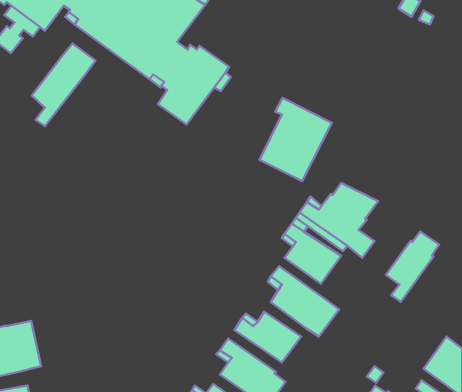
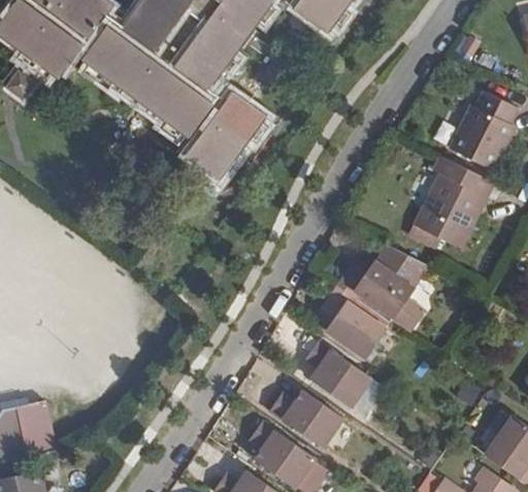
building: none -> [447,91,513,168]
building: [32,44,95,126] -> none
building: [260,98,332,181] -> [411,155,492,248]
building: [386,231,439,302] -> none

